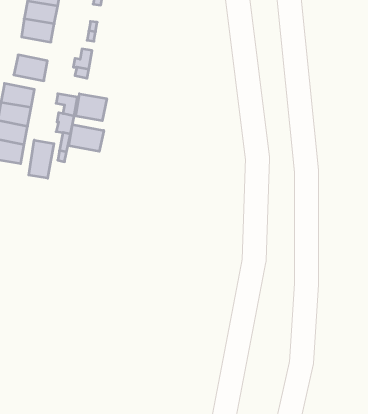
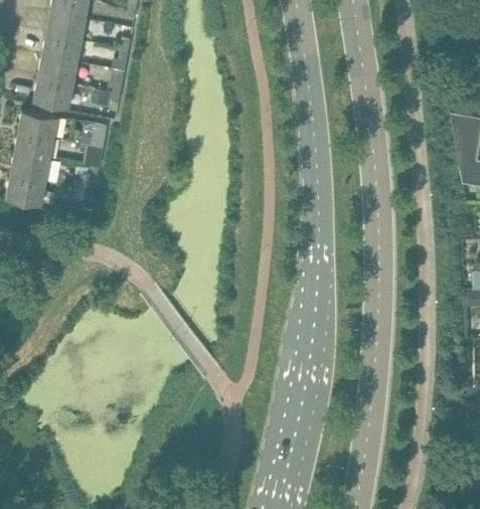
building: none -> [38,55,76,83]
building: [76,94,107,121] -> none
building: [69,125,104,151] -> none
building: [29,140,54,178] -> none

